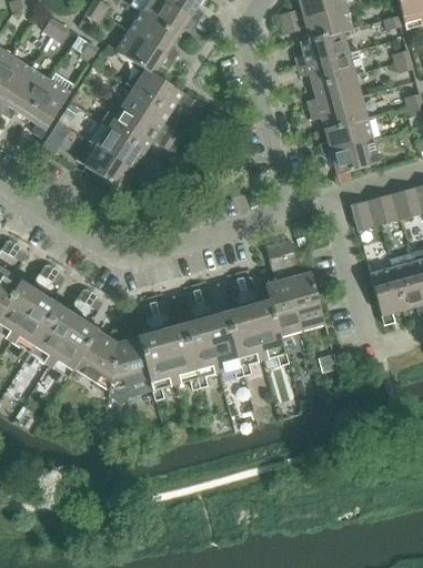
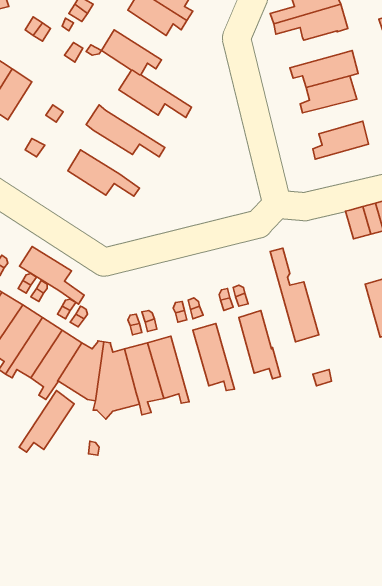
building: [129,10,180,58] -> none
building: [295,30,350,65] -> none
building: [27,71,74,136] -> none
building: [121,87,183,142] -> none
building: [310,95,367,129] -> none
building: [97,125,159,181] -> [19,246,84,304]
building: [322,139,380,173] -> none
building: [265,242,303,335] -> none
building: [226,305,263,374] -> none
building: [183,317,220,386] -> none
building: none -> [19,391,74,452]

